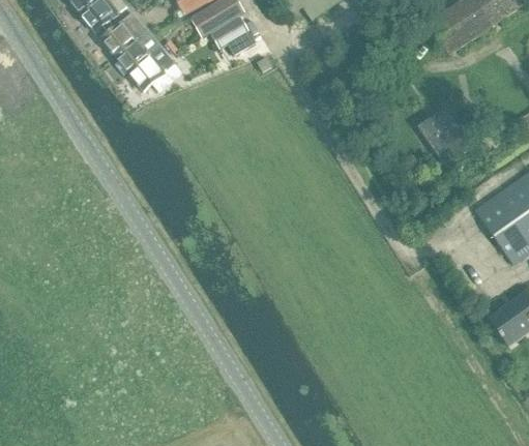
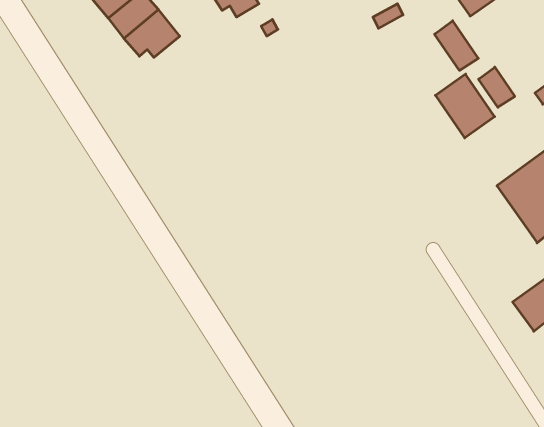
building: none -> [435,21,478,70]
building: none -> [479,67,515,107]

